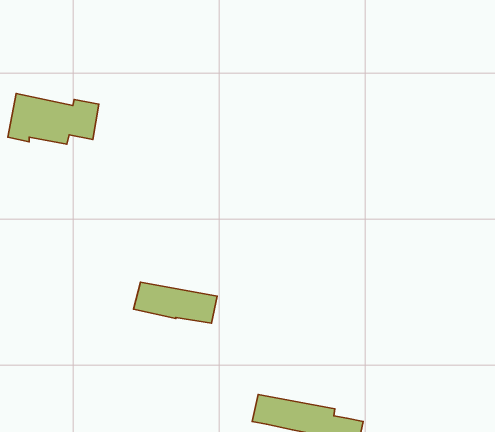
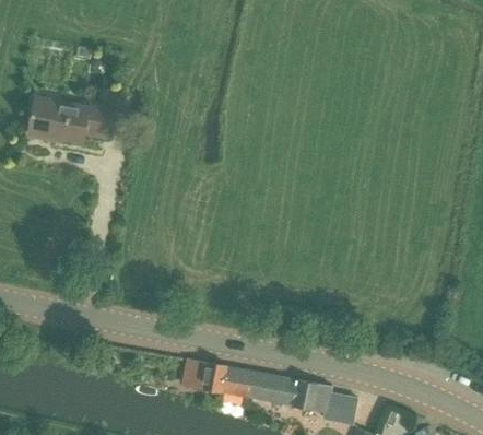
building: [134,282,217,323] -> [181,360,259,398]

